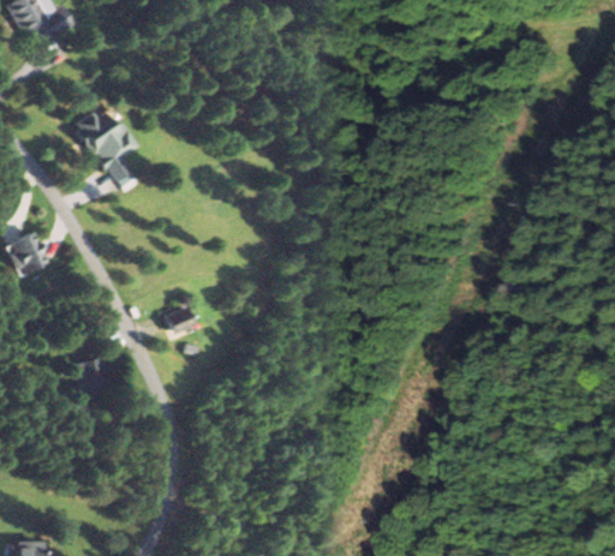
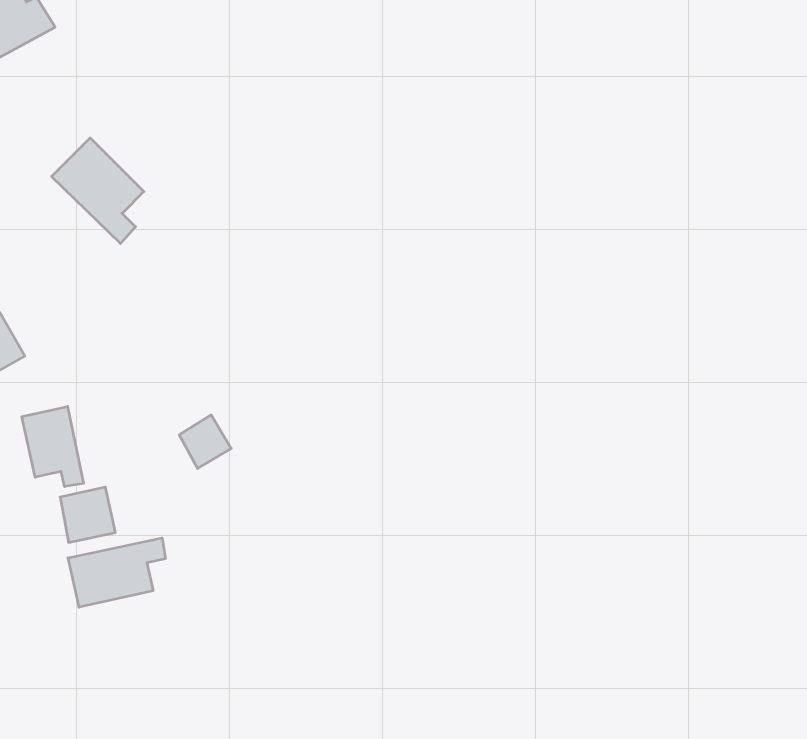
building: none -> [22,406,84,487]
building: none -> [68,538,165,607]

